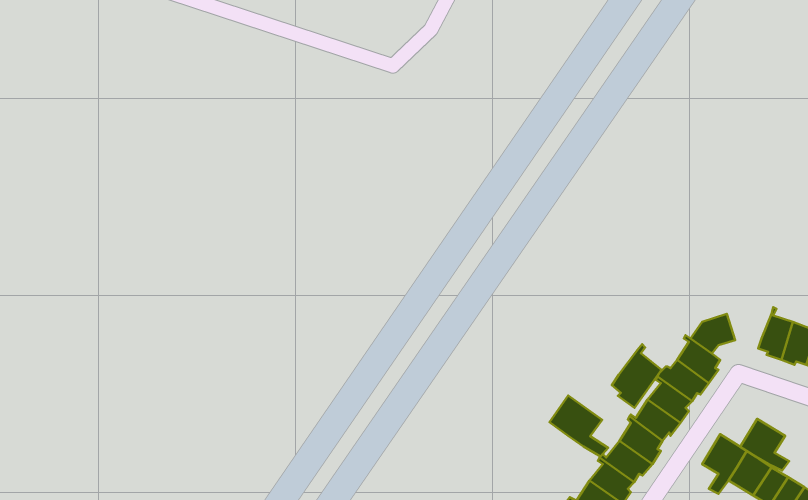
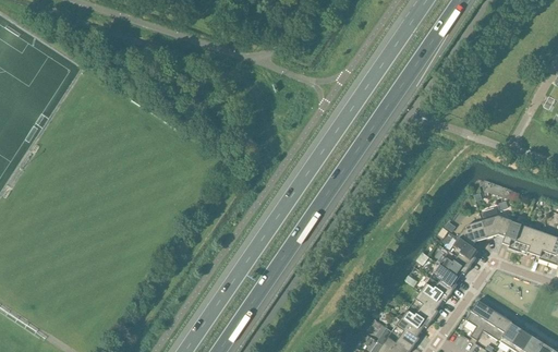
building: none -> [482,207,511,238]
building: [612,344,661,408] -> none
building: [549,395,608,457] -> none
building: [740,419,789,471] -> none

